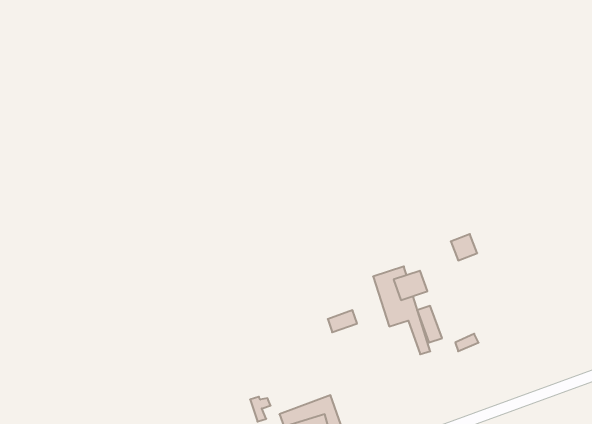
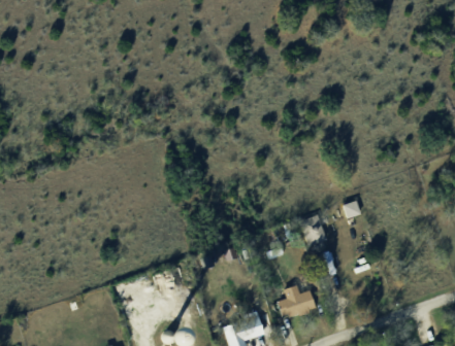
building: none -> [275,286,314,318]

